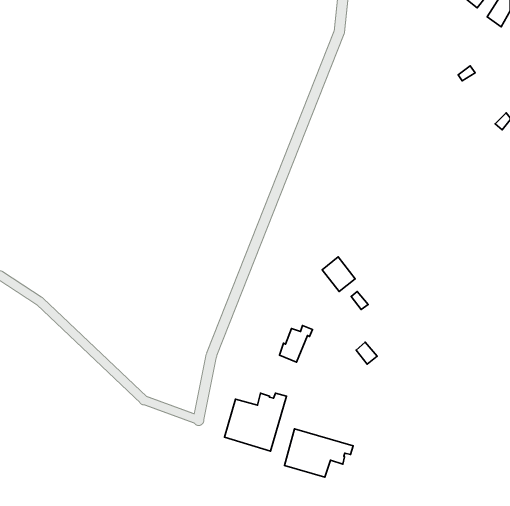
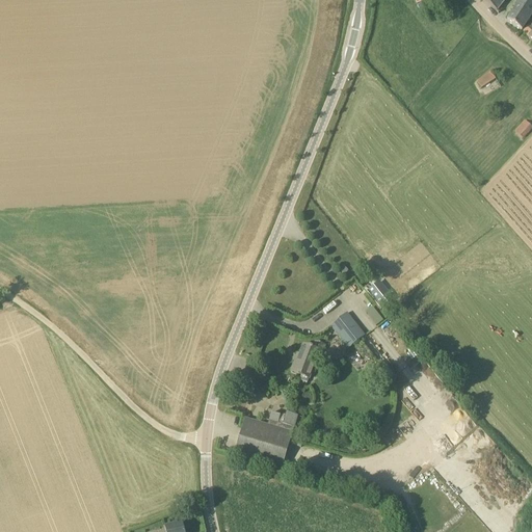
building: [322,257,355,292] -> [330,310,365,346]
building: [284,429,353,477] -> none

